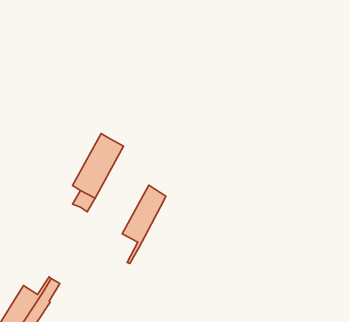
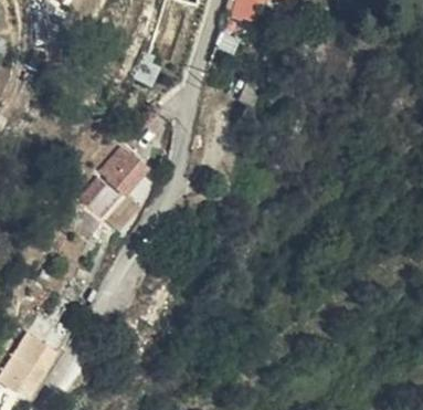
building: [122,185,166,263] -> none

